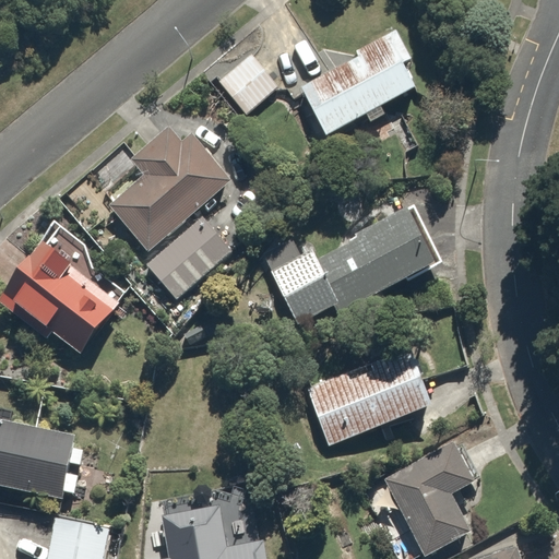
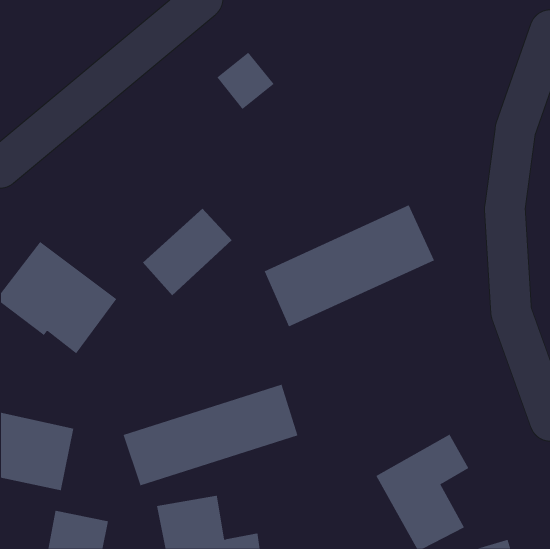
building: [301,28,417,133] -> none
building: [108,124,231,250] -> none
building: [300,349,430,448] -> none
building: none -> [123,384,298,486]

